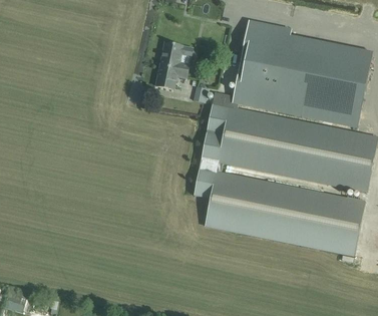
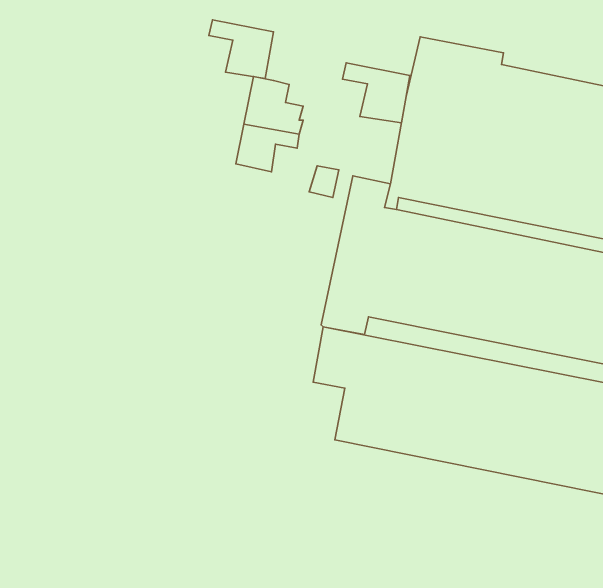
building: none -> [209,20,274,78]
building: none -> [343,63,410,123]

